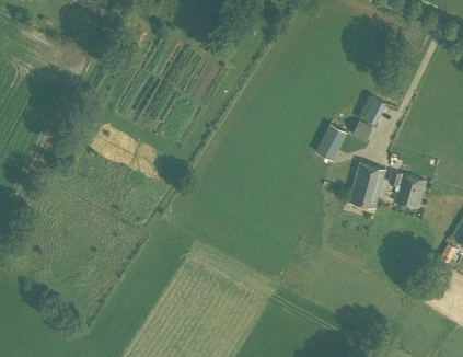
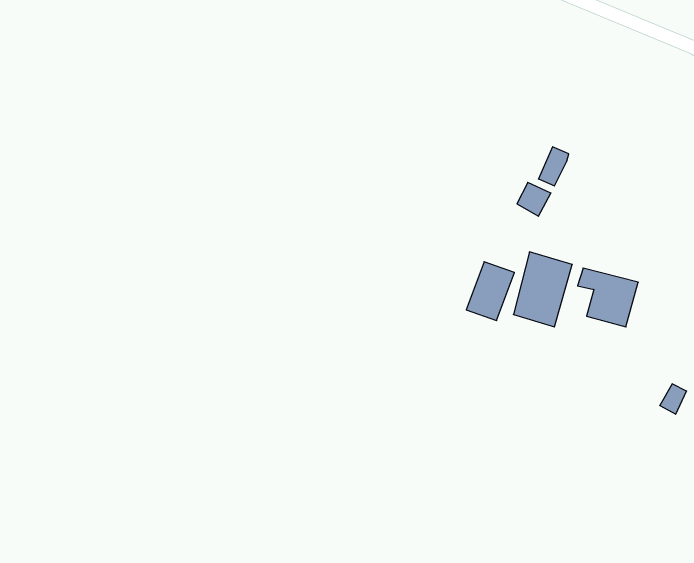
building: [316,123,346,159] -> [466,262,514,321]

